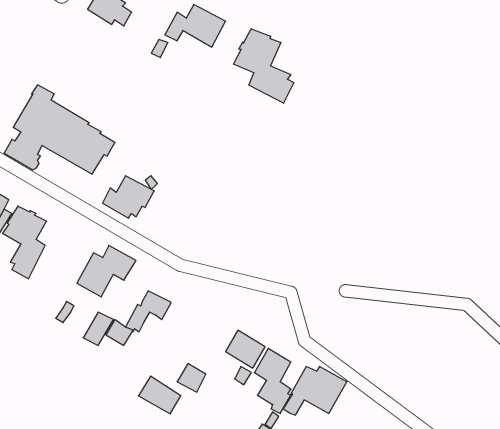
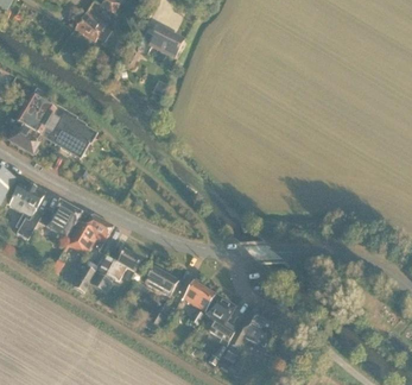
building: [234,29,294,103] -> none
building: [103,176,154,218] -> [40,198,81,232]
building: [138,376,181,414] -> [144,265,177,295]

